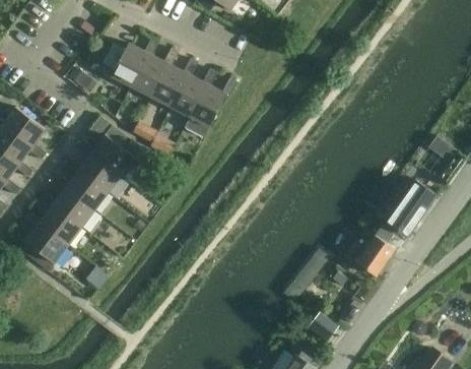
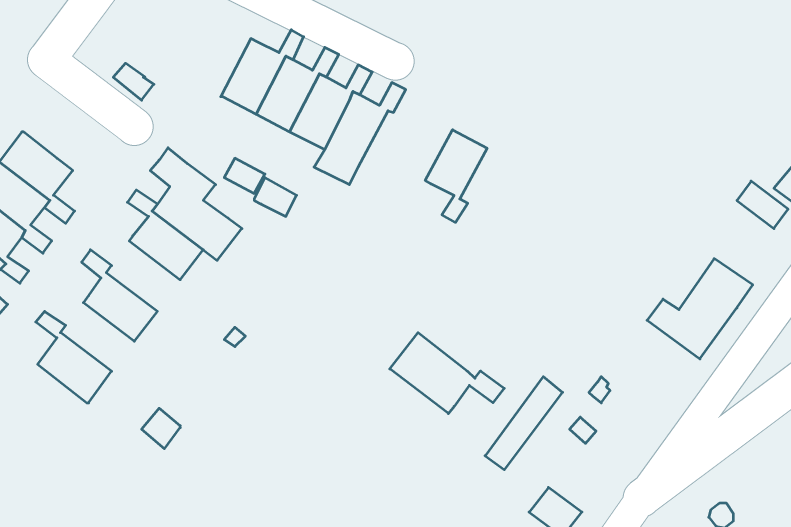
building: [100,38,158,86] -> none
building: none -> [425,130,487,222]
building: [63,158,107,210] -> none
building: [37,192,80,245] -> none
building: none -> [390,333,504,414]
building: [355,224,395,276] -> none

